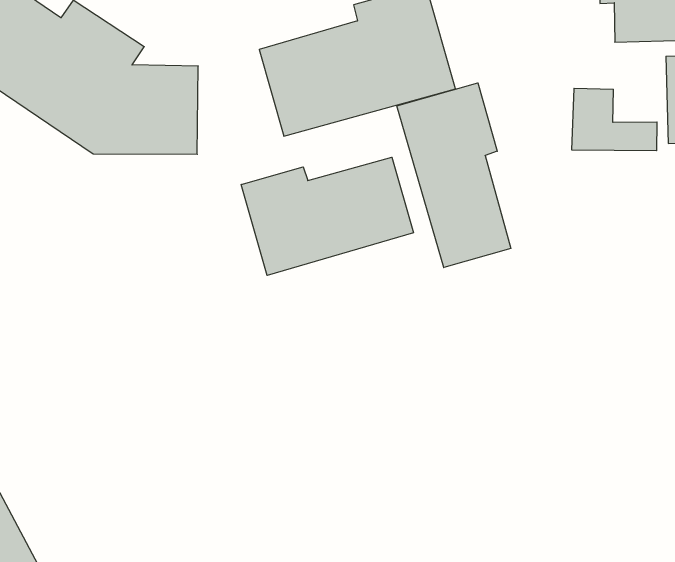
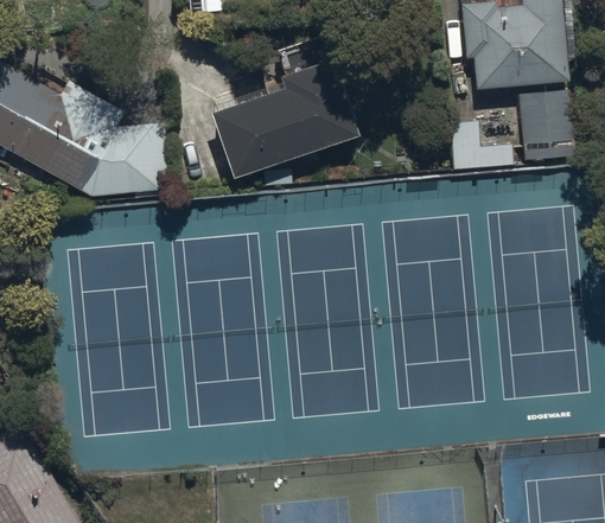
building: [397,83,511,268] -> none
building: [241,157,414,275] -> none

